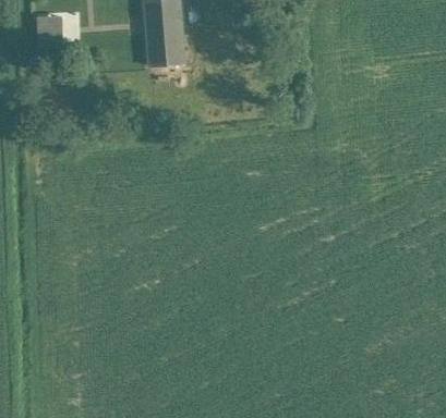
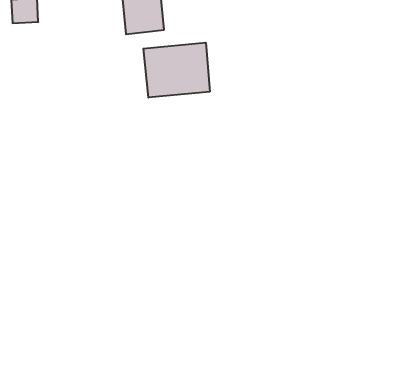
building: none -> [143,43,210,98]

